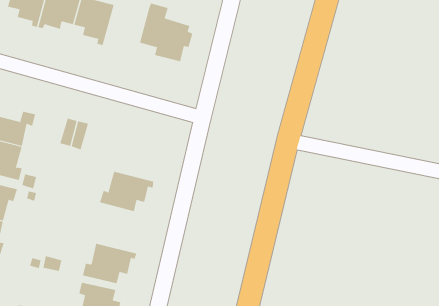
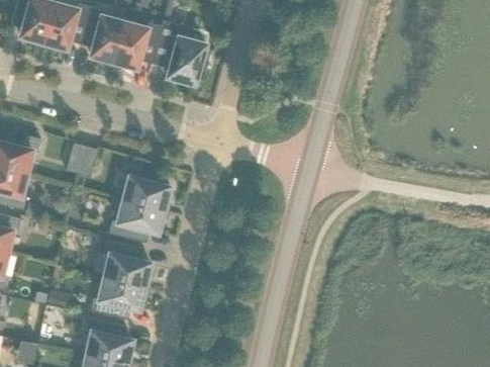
building: none -> [112,22,161,68]
building: none -> [123,162,169,210]
building: none -> [104,240,150,287]

